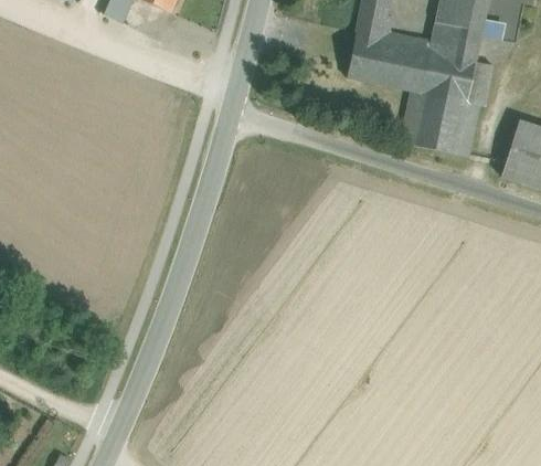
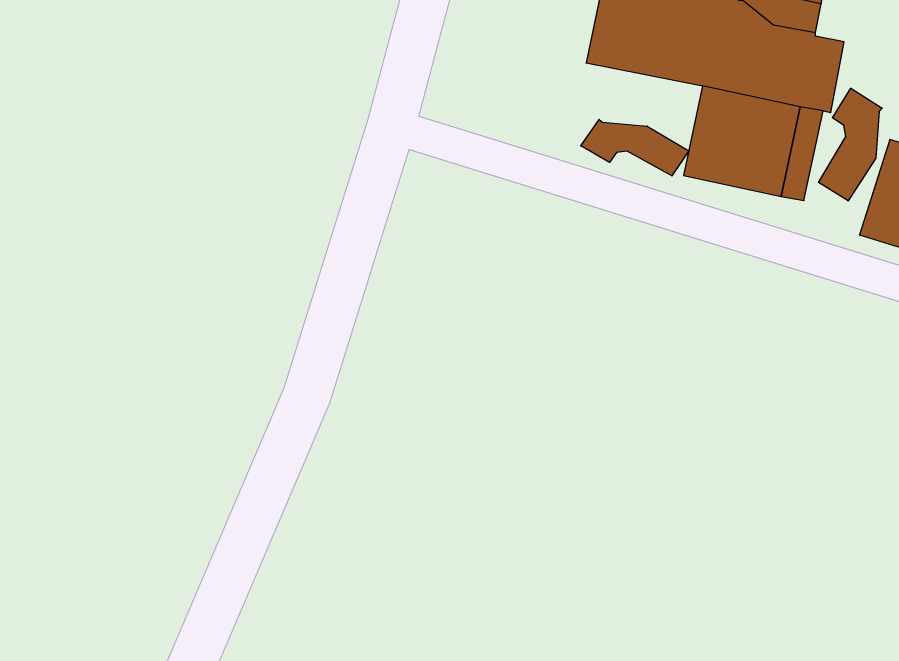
building: none -> [818,88,882,201]
building: none -> [581,119,689,176]

